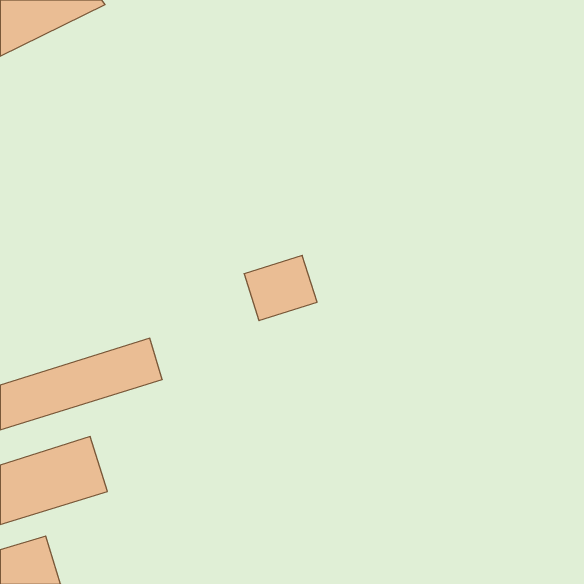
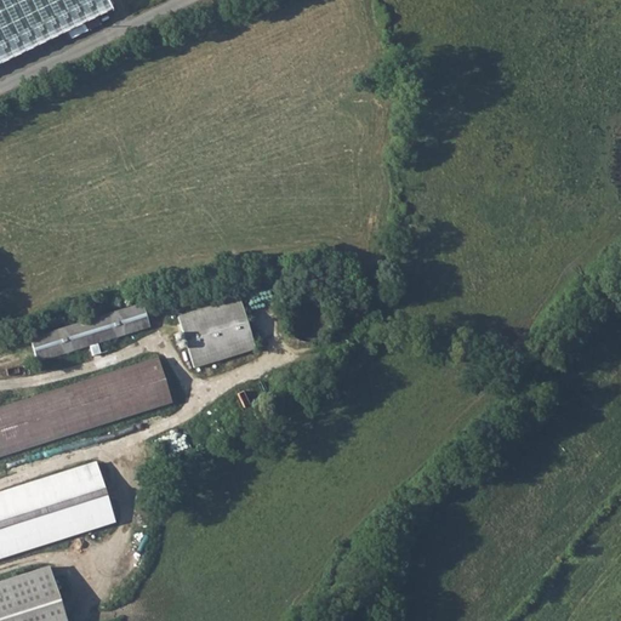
building: [244,255,317,321] -> [177,298,255,368]
building: none -> [30,304,149,361]

